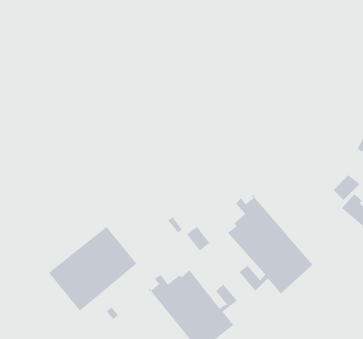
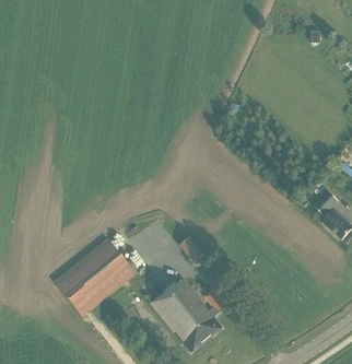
building: [227,194,313,294] -> none

